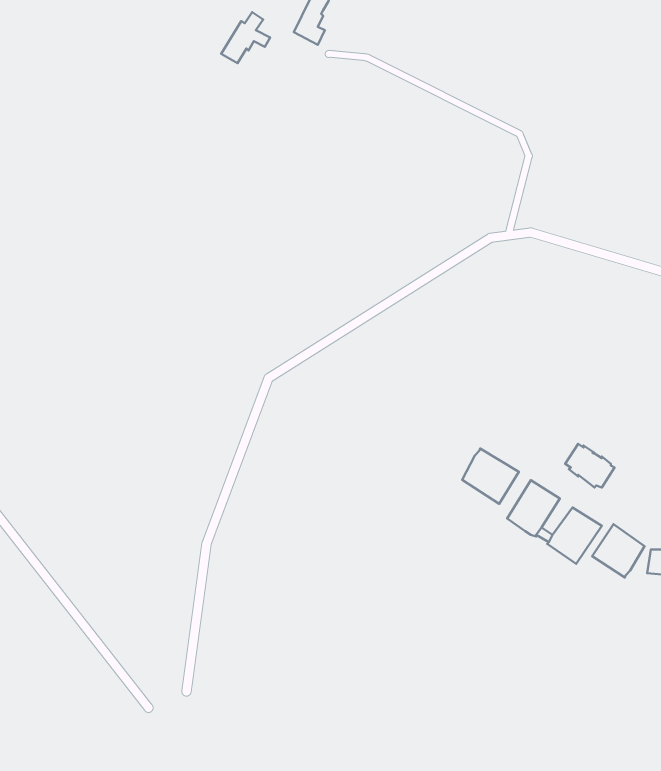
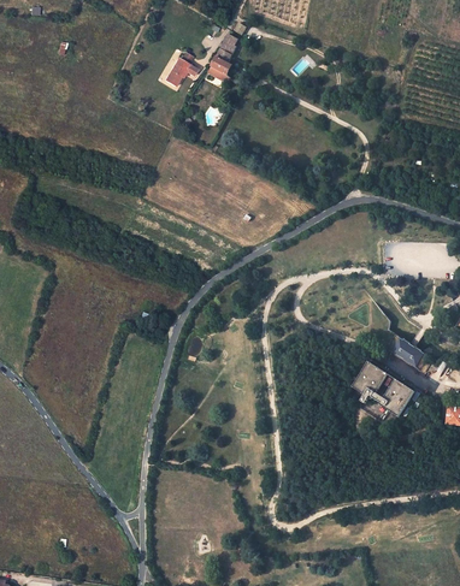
building: [462,448,519,504] -> none
building: [592,524,644,577] -> none

